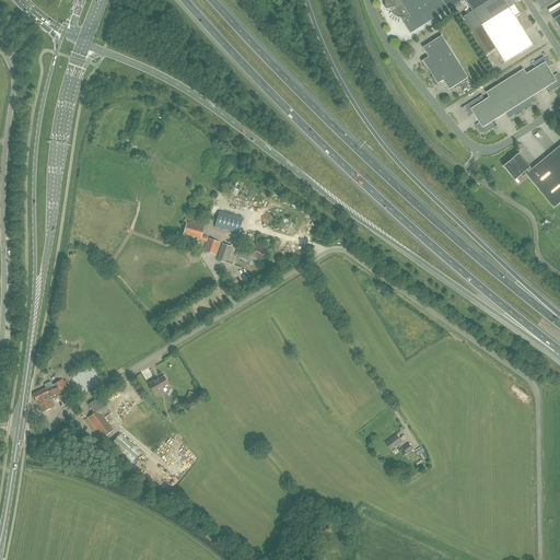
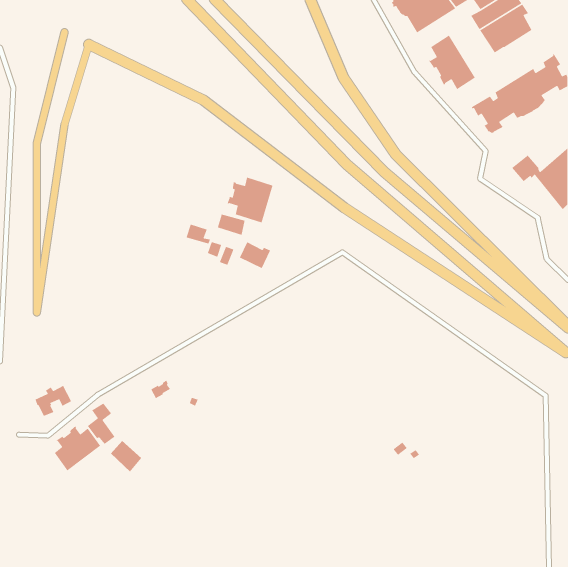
building: [497,30,534,61] -> none
building: none -> [227,177,274,223]
building: none -> [54,425,101,471]

